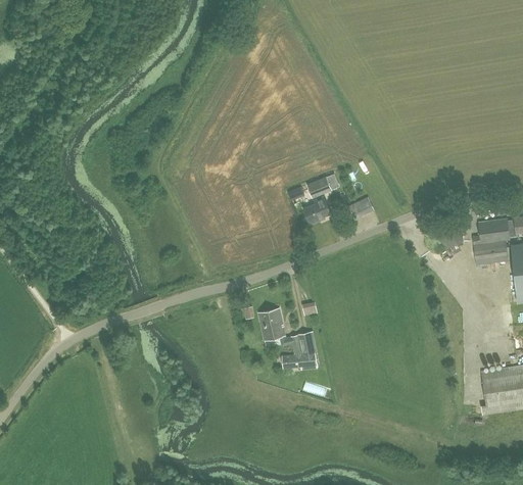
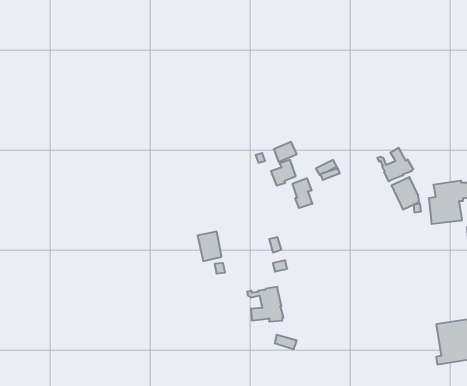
building: none -> [377,148,413,181]
building: none -> [293,178,312,208]
building: [258,308,284,340] -> [198,232,221,261]

